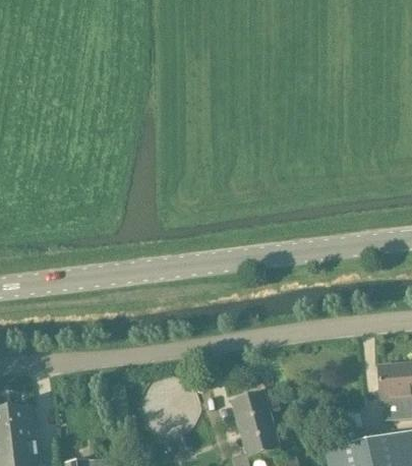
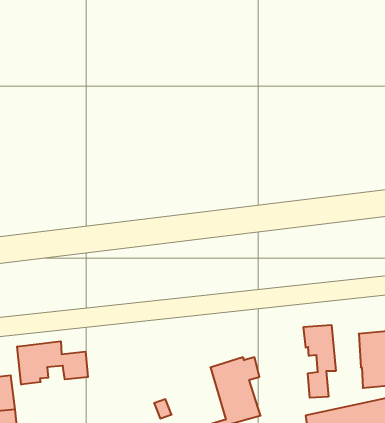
building: none -> [304,325,336,398]
building: none -> [17,341,88,385]

